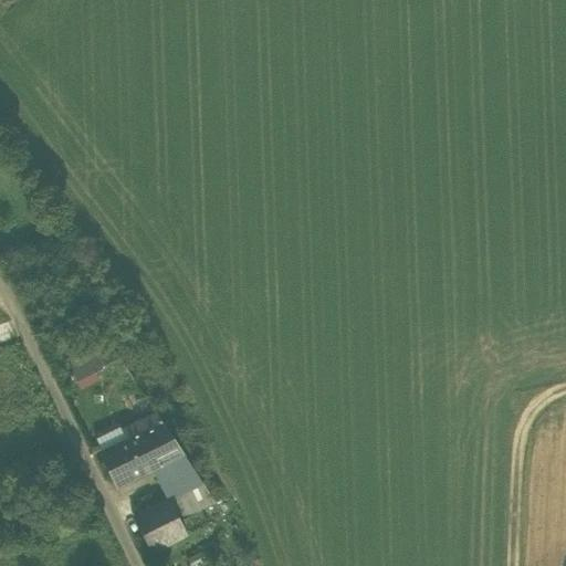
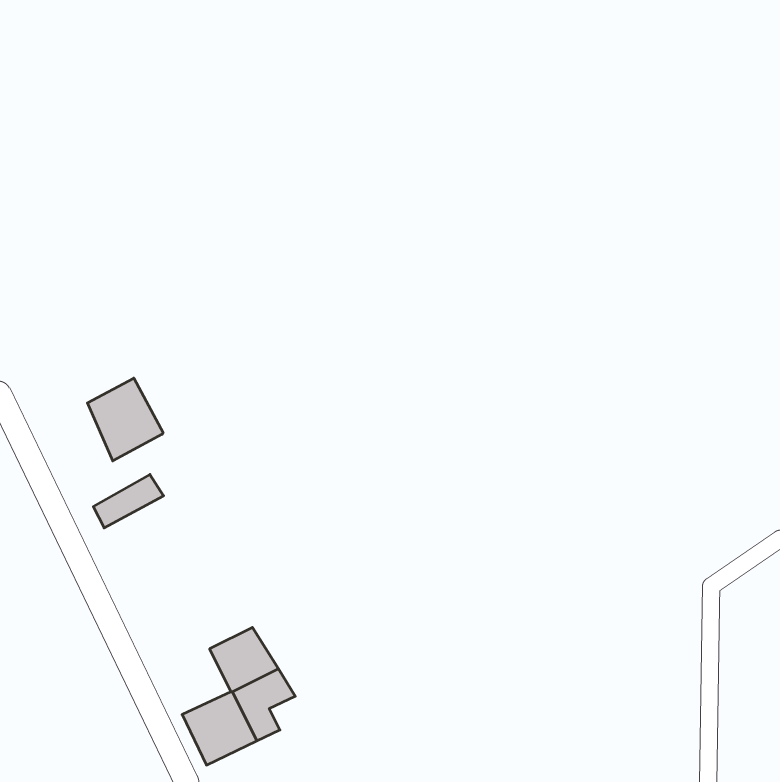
building: none -> [87,378,163,461]
building: [99,411,182,485] -> none

